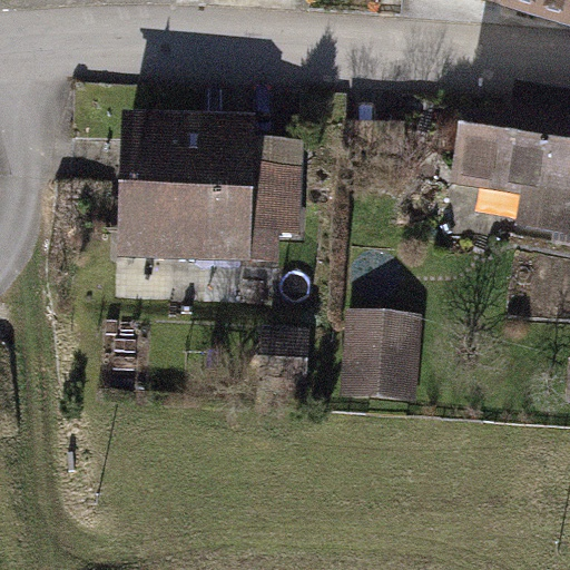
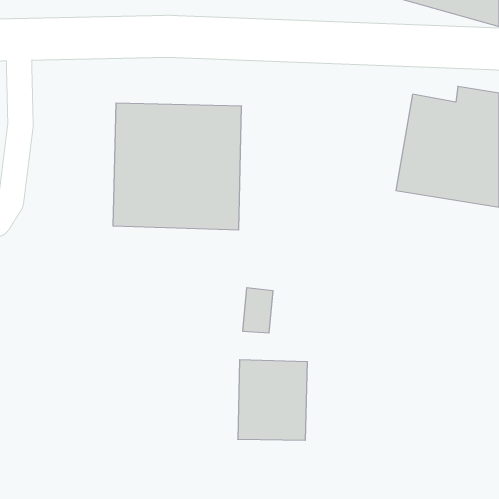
building: [345,307,424,399] -> [238,360,307,440]

